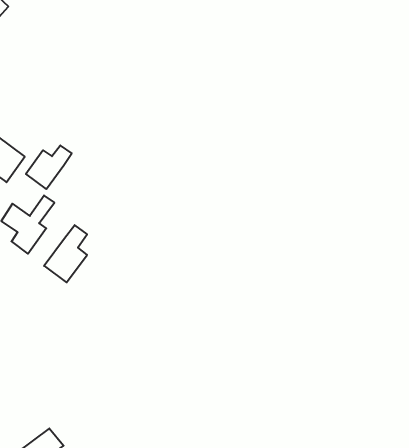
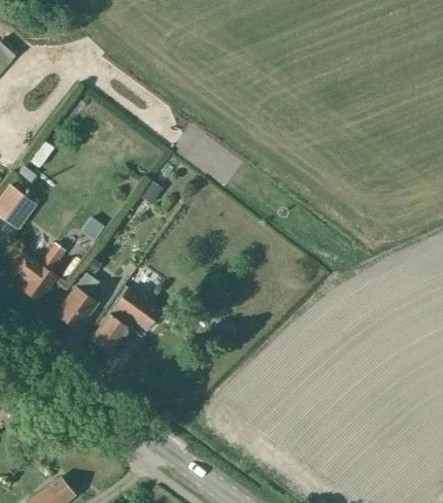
building: [26,145,72,189] -> none
building: none -> [92,289,161,354]

